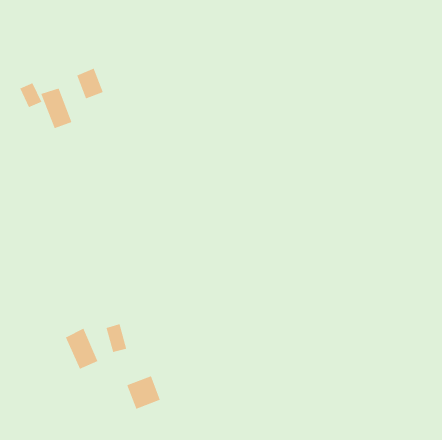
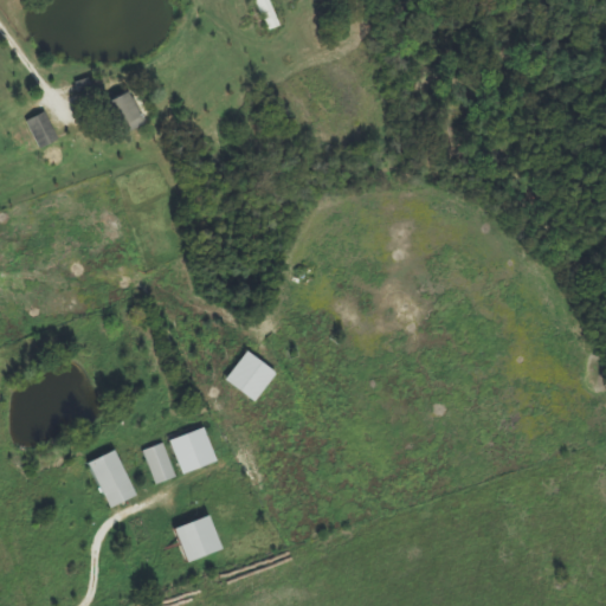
building: [40,87,72,129] -> none
building: none -> [225,350,276,401]
building: none -> [170,427,215,472]

